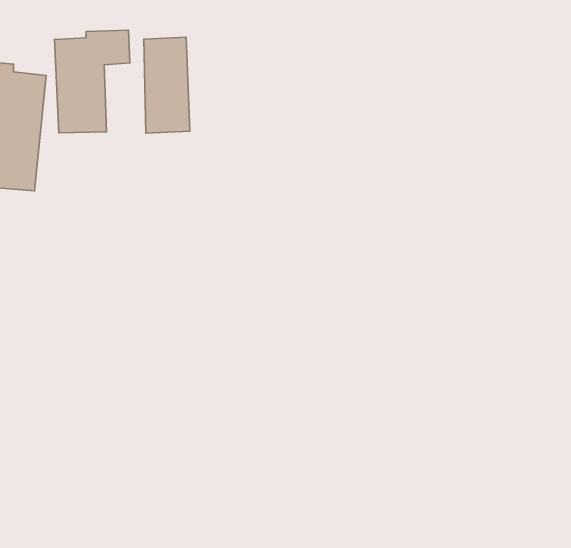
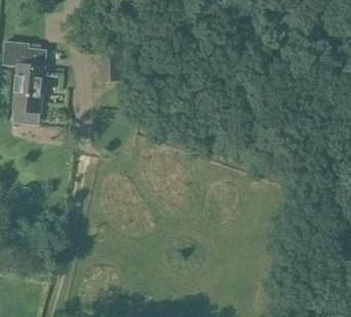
building: [55,30,130,133] -> none

